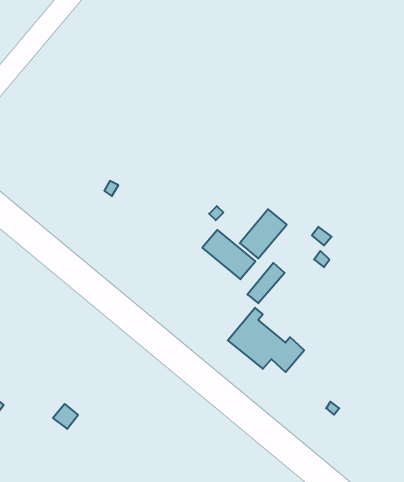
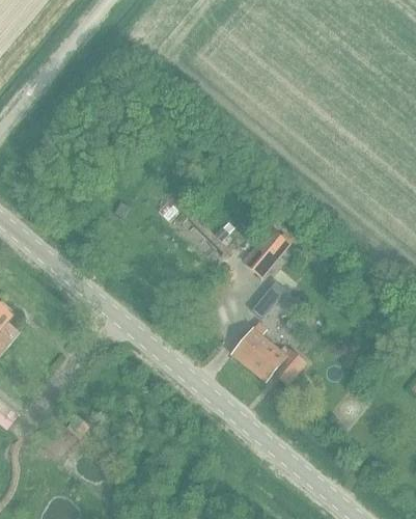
building: [202,230,255,279] -> none

